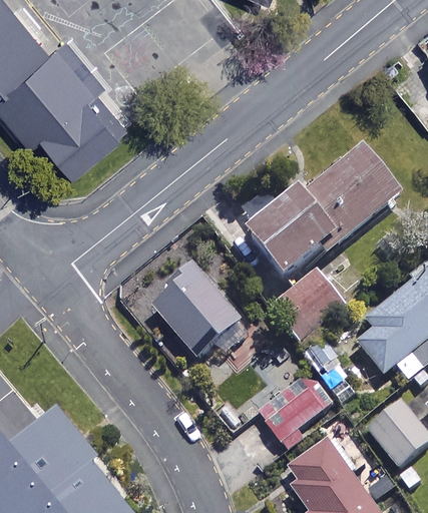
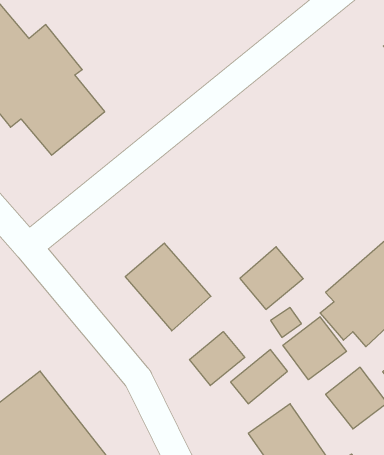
building: [248,147,399,284] -> none
building: none -> [283,317,346,380]
building: none -> [190,332,245,386]

